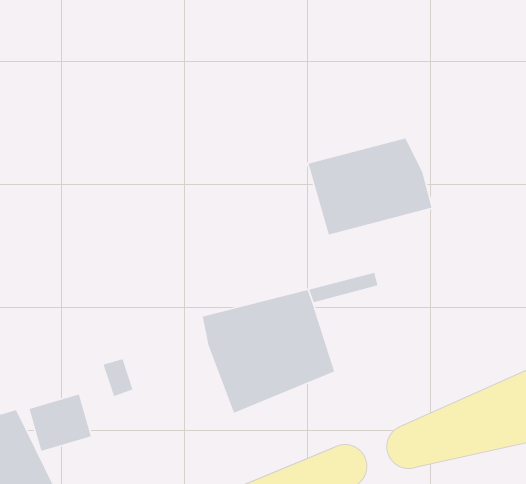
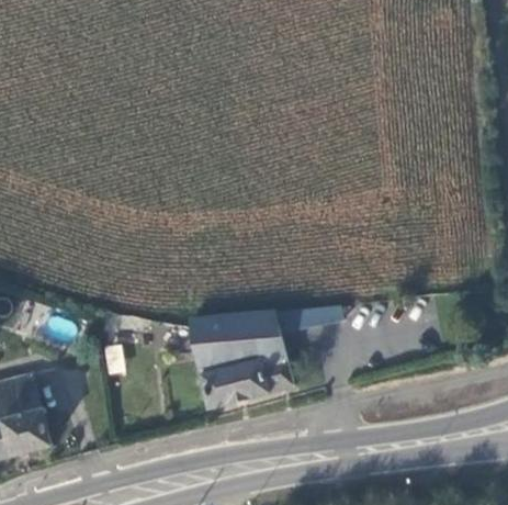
building: [308,138,432,236] -> none

